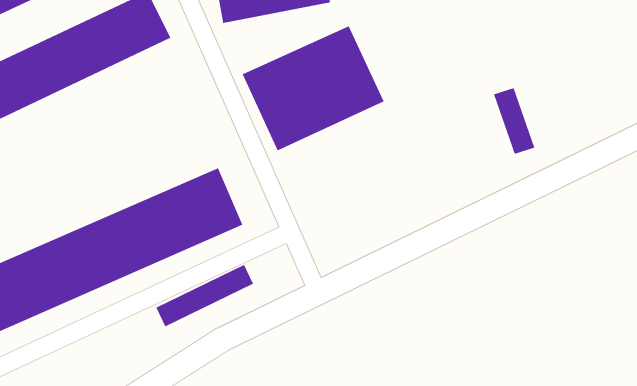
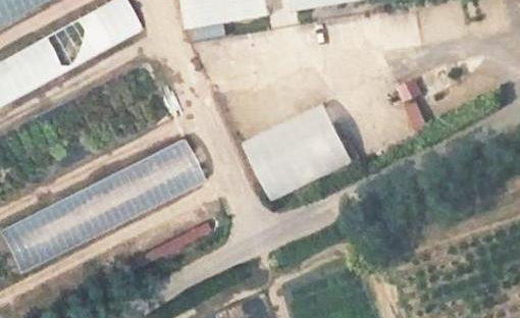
building: [242,26,384,151] -> [241,102,352,200]

